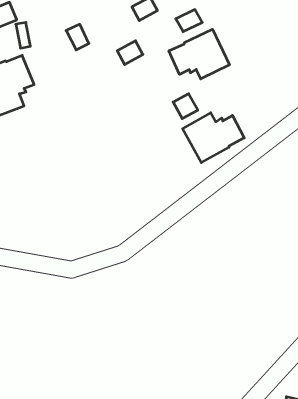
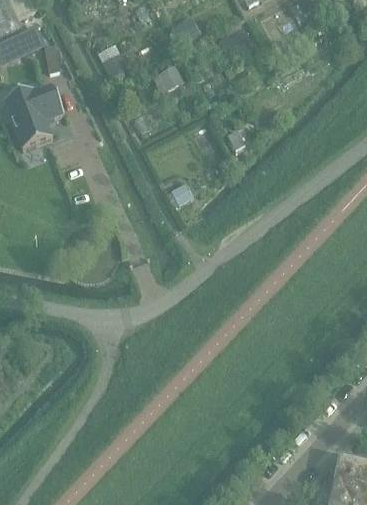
building: [169,29,229,79] -> none
building: [183,113,244,163] -> none

